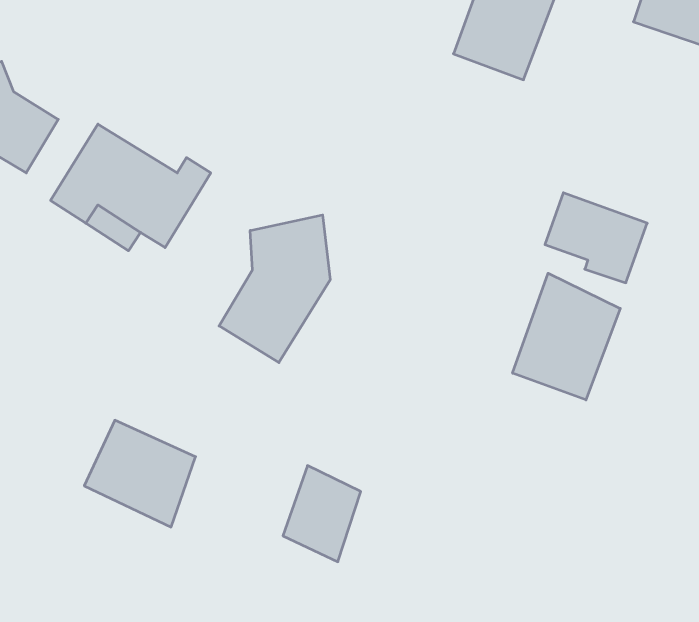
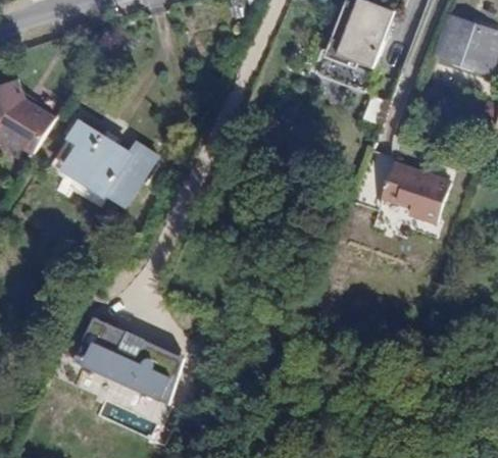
building: [219,215,330,363] -> none
building: [513,273,620,400] -> none
building: [283,466,361,562] -> [130,341,182,405]

